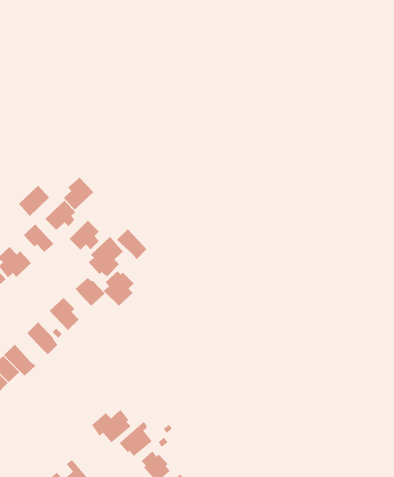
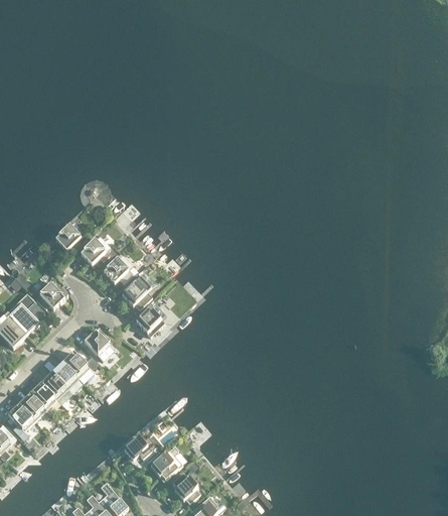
building: [63,177,94,210] -> none
building: [23,224,54,253] -> none
building: [116,229,147,260] -> none
building: [75,277,105,306] -> none
building: none -> [51,362,83,394]

